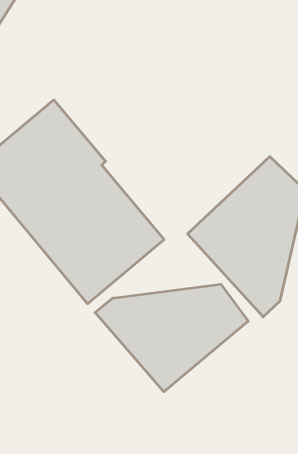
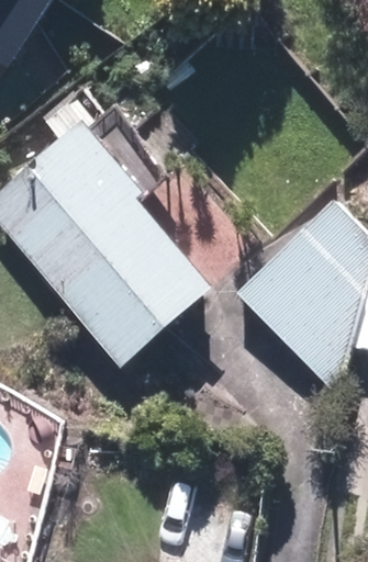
building: [95,284,248,392] -> none

